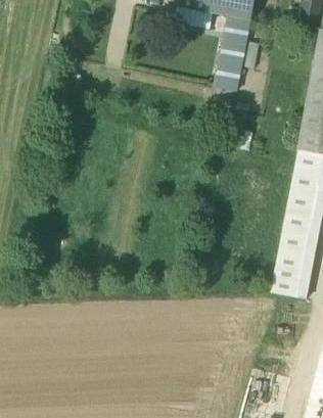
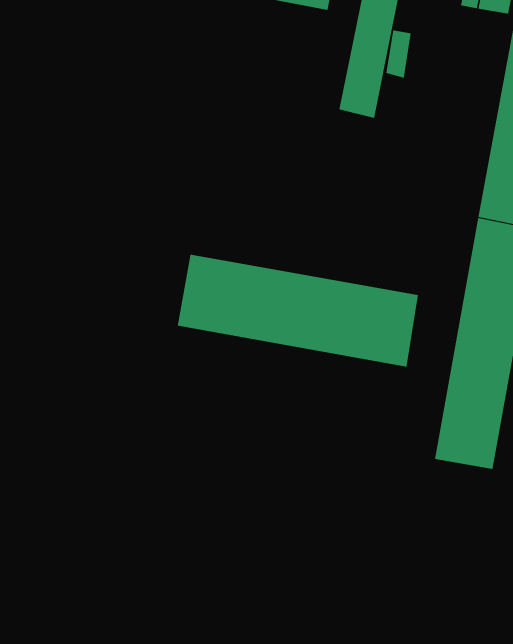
building: none -> [177,254,418,368]

